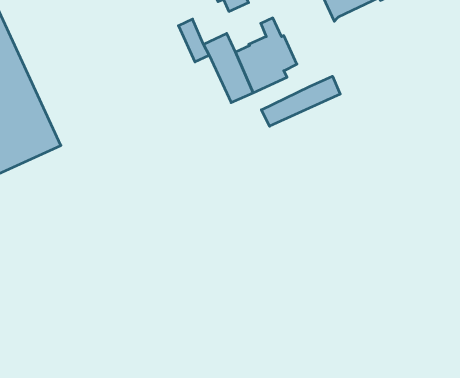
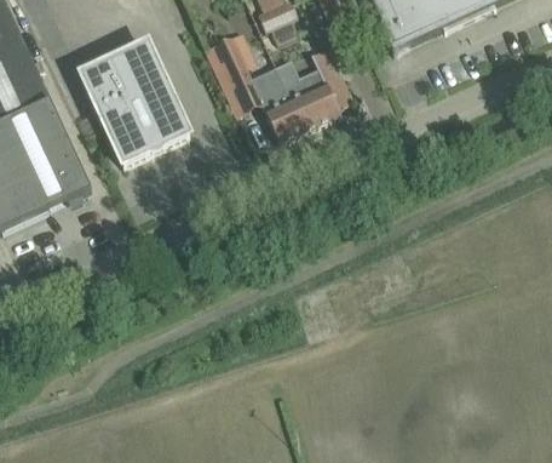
building: none -> [81,42,190,164]
building: [261,76,340,126] -> none

